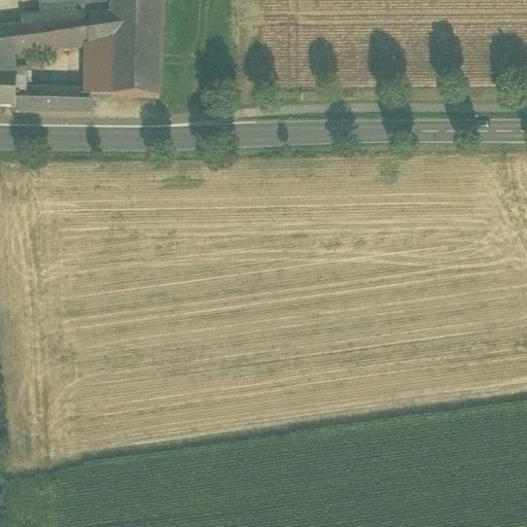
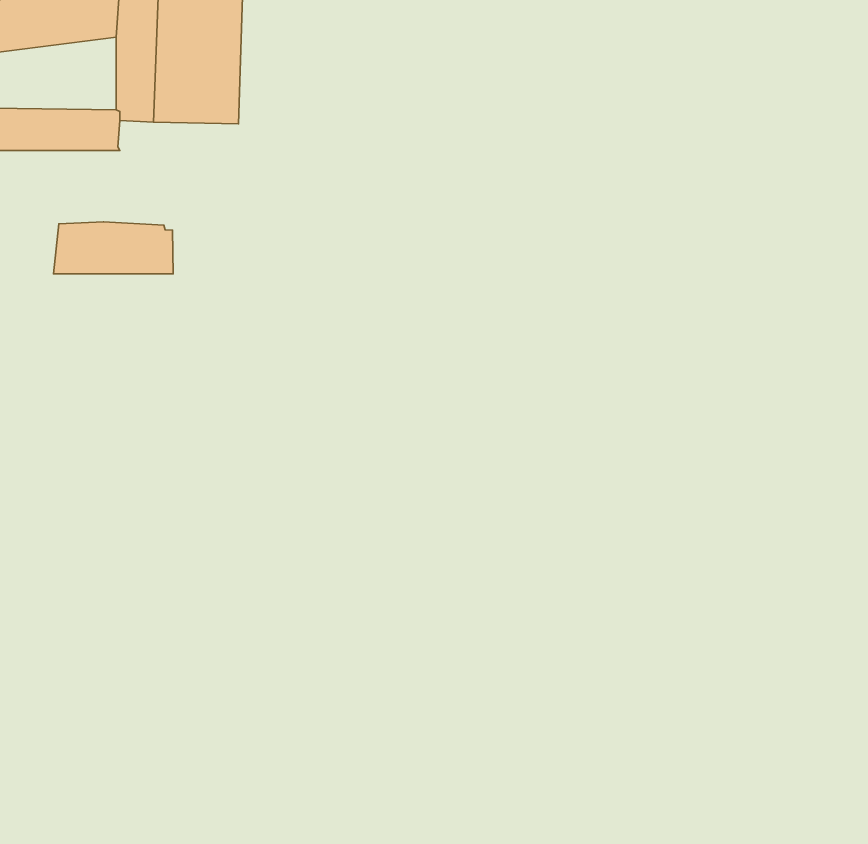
building: none -> [53,222,173,274]

